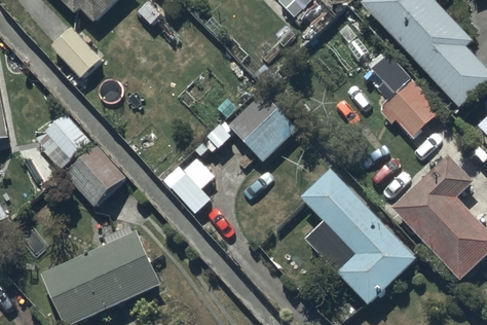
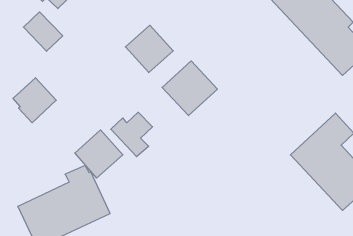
building: none -> [125,25,173,73]
building: [368,49,439,134] -> none
building: [65,144,126,206] -> [75,130,123,178]
building: [301,169,417,306] -> none

